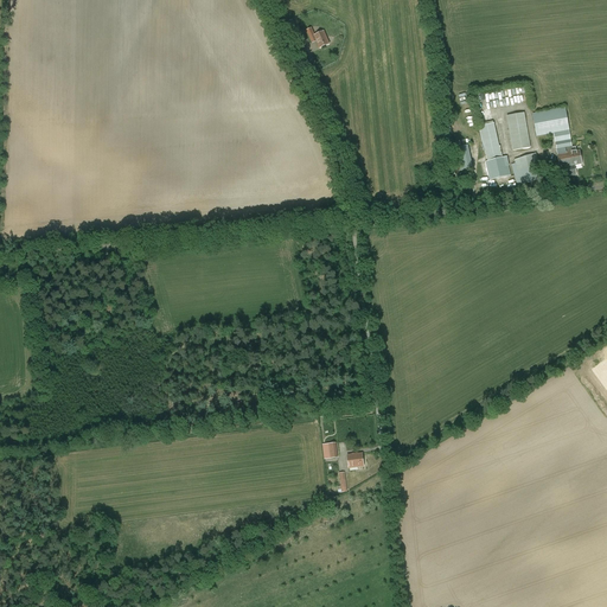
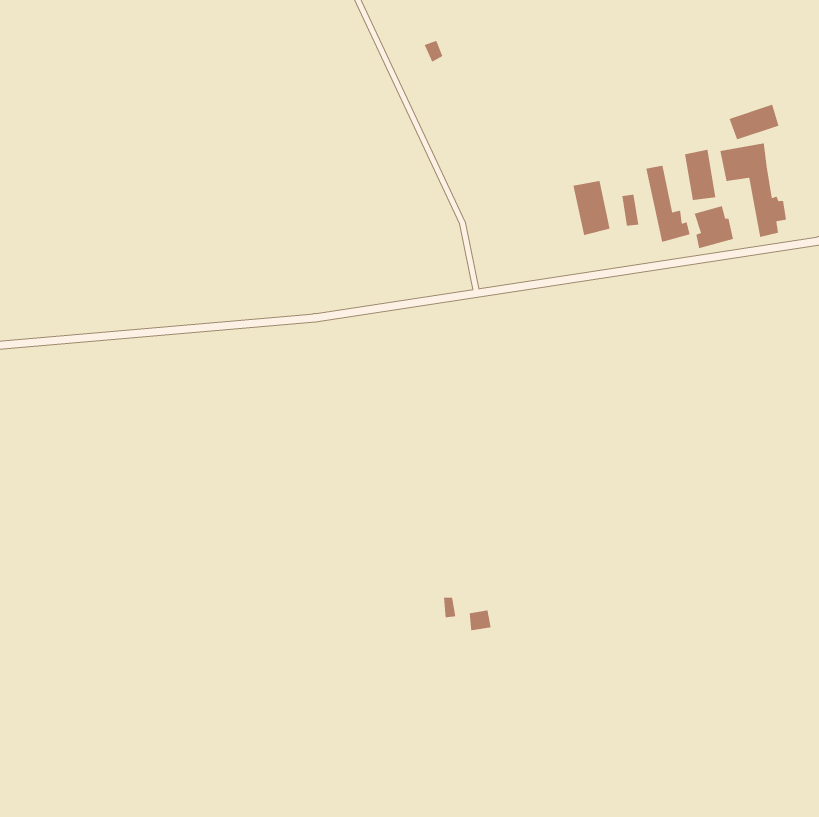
building: none -> [729,104,779,140]
building: none -> [573,180,610,236]

